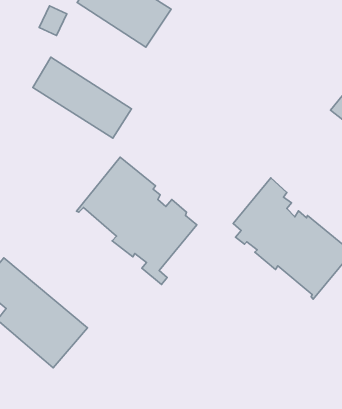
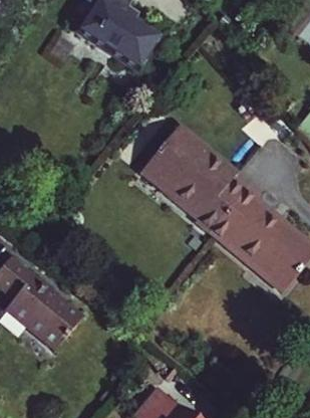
building: [33,57,132,138] -> none
building: [77,157,197,284] -> [140,125,246,236]

